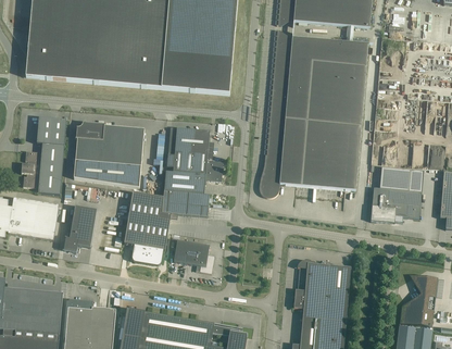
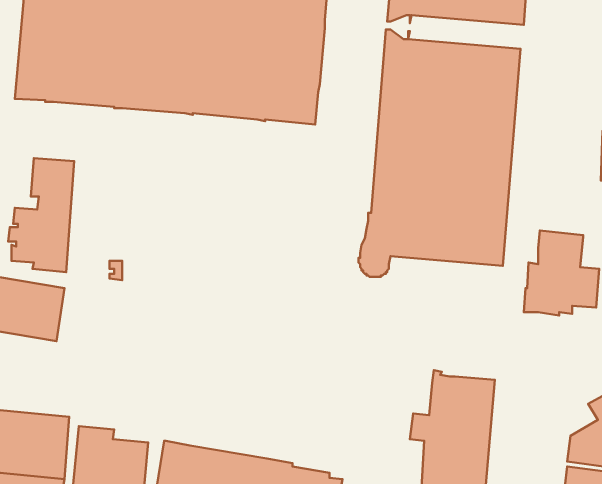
building: [73,120,143,187] -> none
building: [123,126,223,264] -> none
building: [63,205,96,251] -> none
building: [173,239,214,273] -> none

